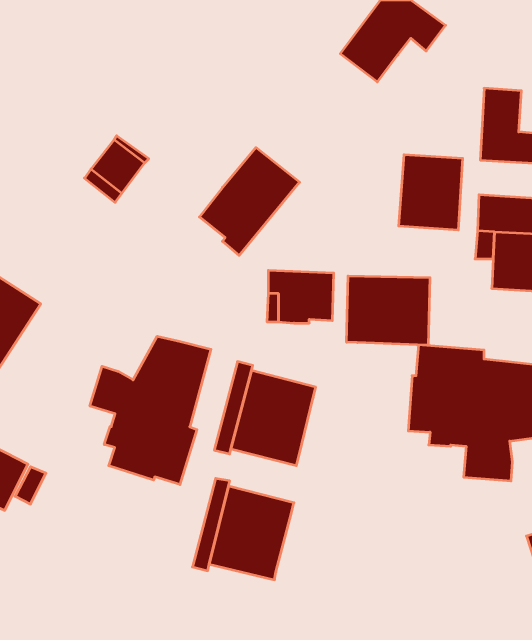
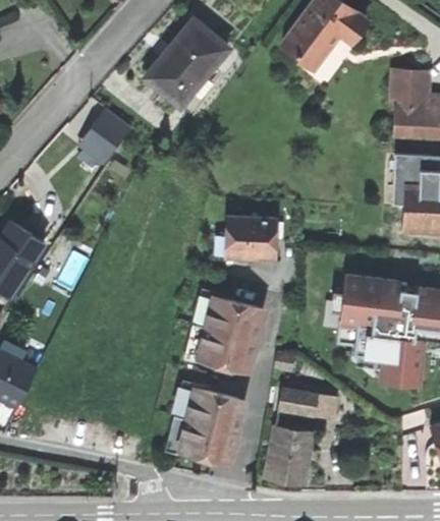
building: [199,148,300,255] -> [148,19,227,105]
building: [399,155,463,230] -> none
building: [347,276,430,345] -> none
building: [90,336,211,485] -> none
building: none -> [279,390,351,420]
building: none -> [267,426,312,484]

